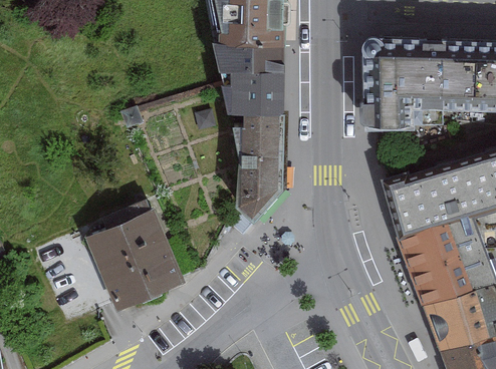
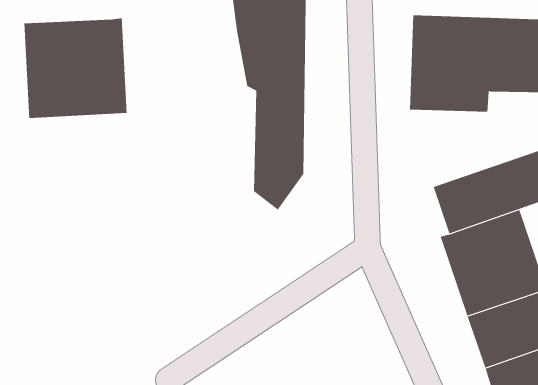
building: none -> [24,17,127,119]
building: [92,207,193,311] -> none

